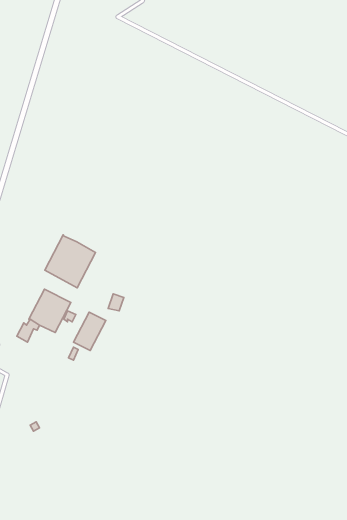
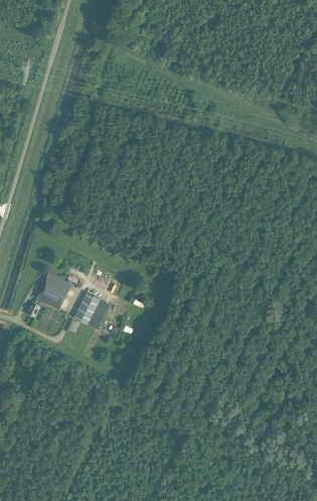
building: [45,235,96,288] -> none

